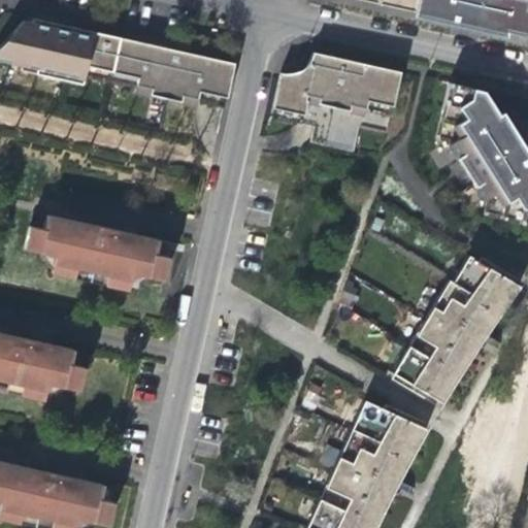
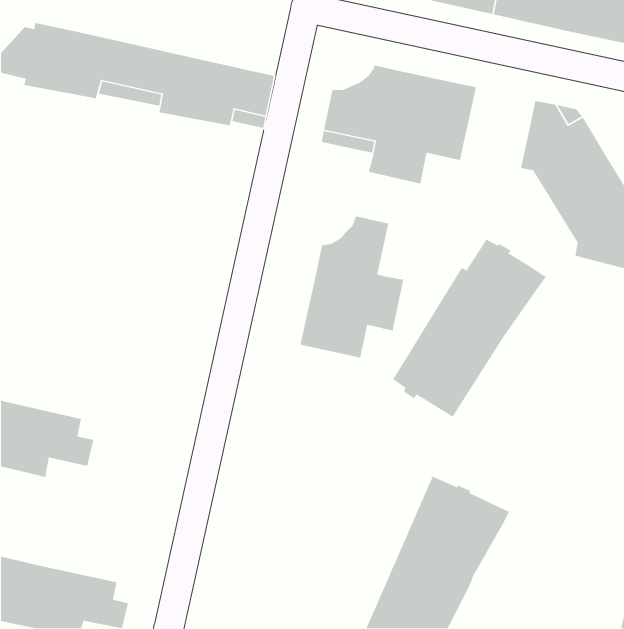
building: none -> [299,216,404,358]
building: [25,213,169,289] -> none
building: [394,253,523,402] -> [392,238,547,418]

